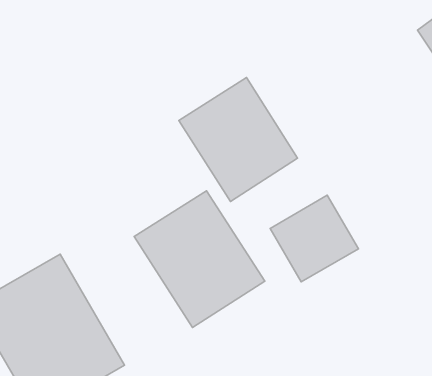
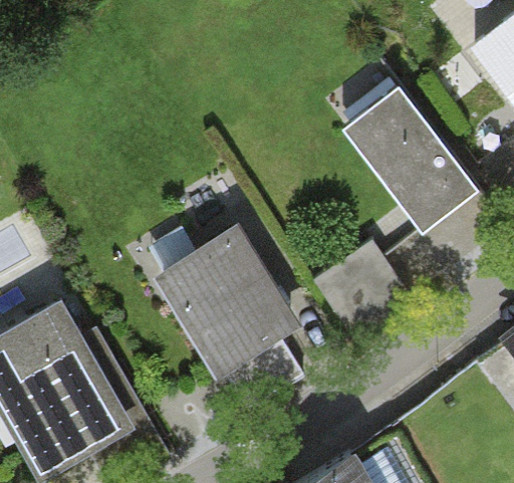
building: none -> [342,85,481,236]
building: [179,78,297,201] -> none

